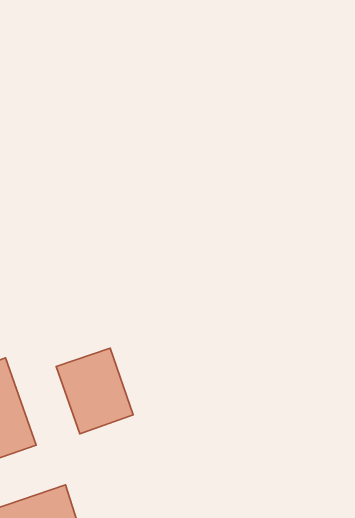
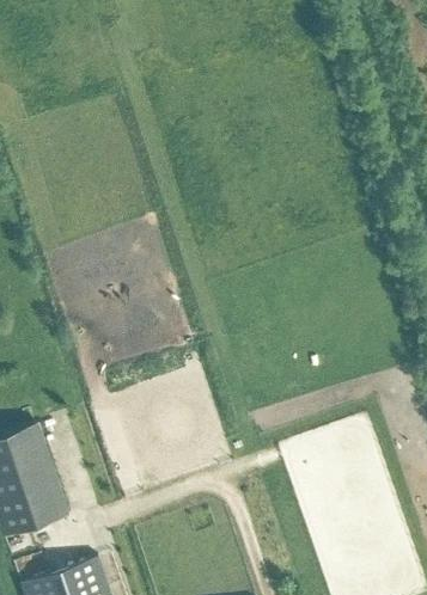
building: [56,348,133,434] -> none

